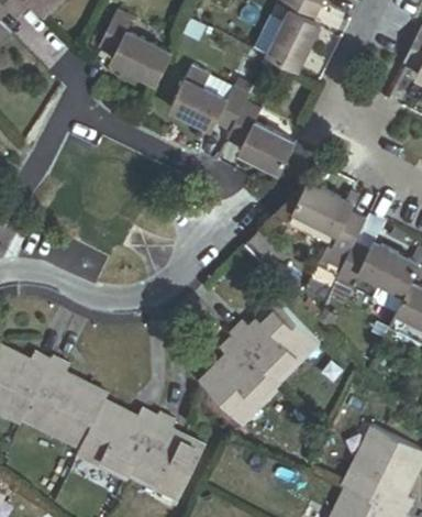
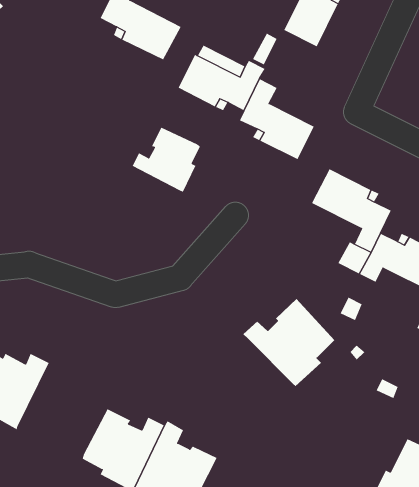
building: none -> [132,127,200,192]
building: [200,339,276,426] -> none
building: [23,358,104,444] -> none

